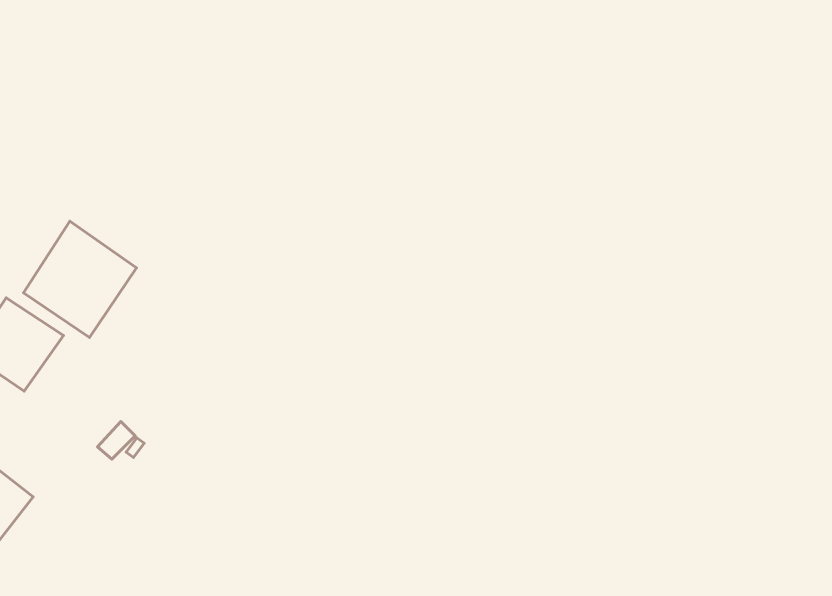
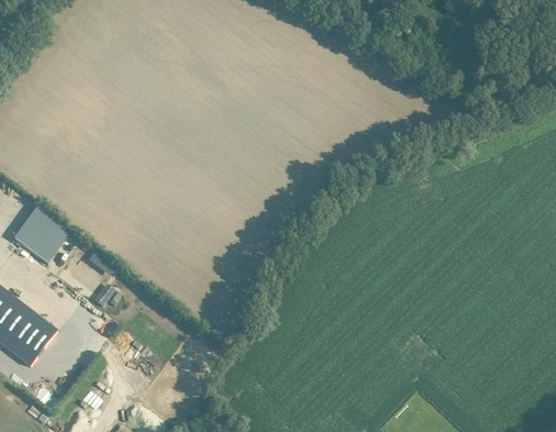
building: [23,221,137,337] -> none

